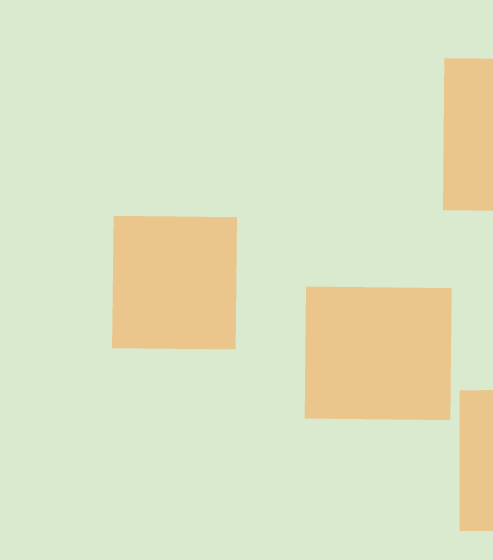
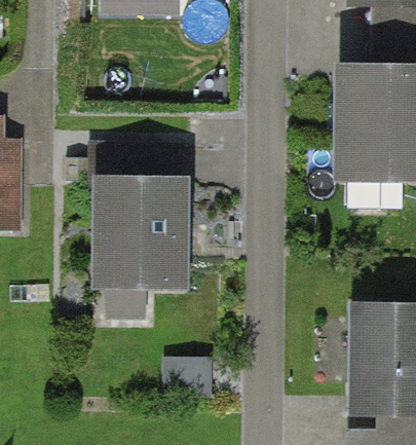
building: [304,286,453,421] -> none

